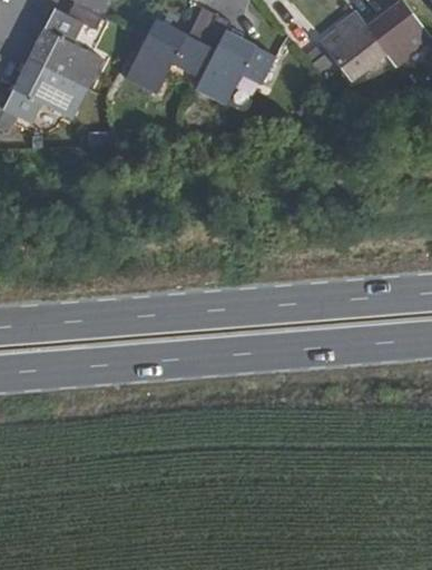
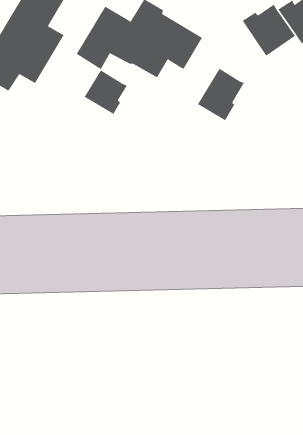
building: none -> [197,68,245,121]
building: none -> [84,69,127,115]

